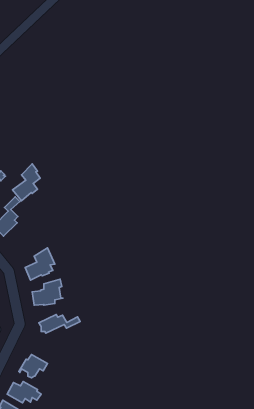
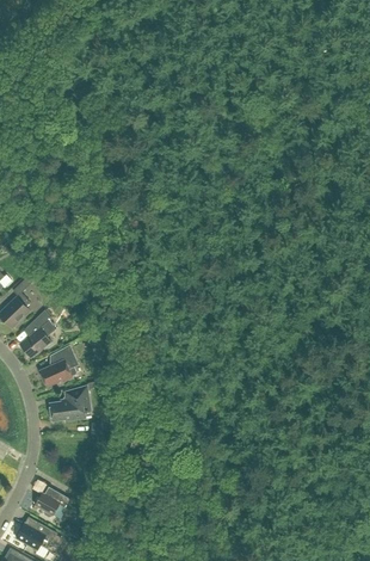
building: [12,164,40,201] -> [19,309,56,358]
building: [39,314,80,333] -> none

